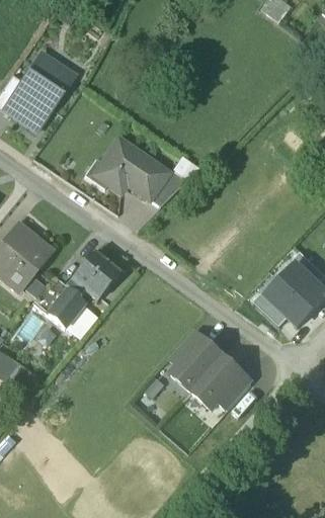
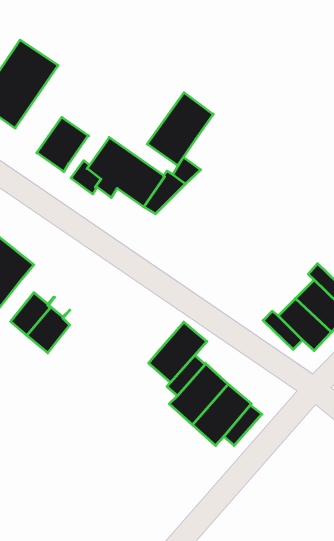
building: none -> [147,93,213,165]
building: none -> [37,117,89,172]
building: [66,252,118,300] -> none
building: none -> [149,322,207,383]

